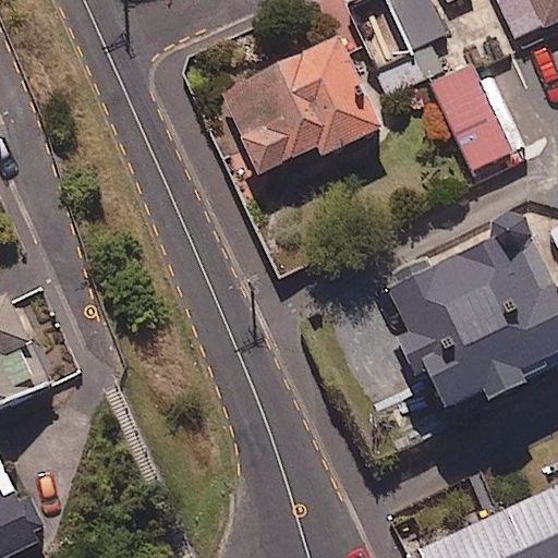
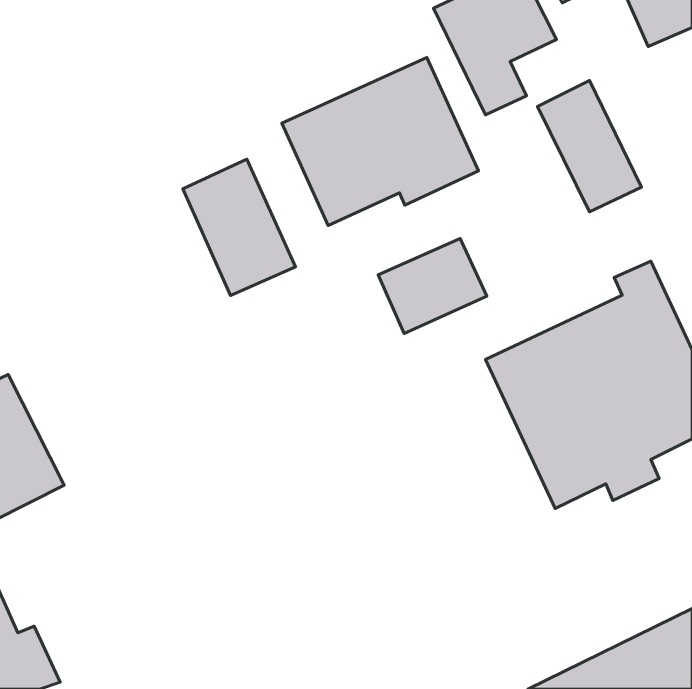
building: none -> [183,159,296,296]
building: none -> [378,238,487,334]

